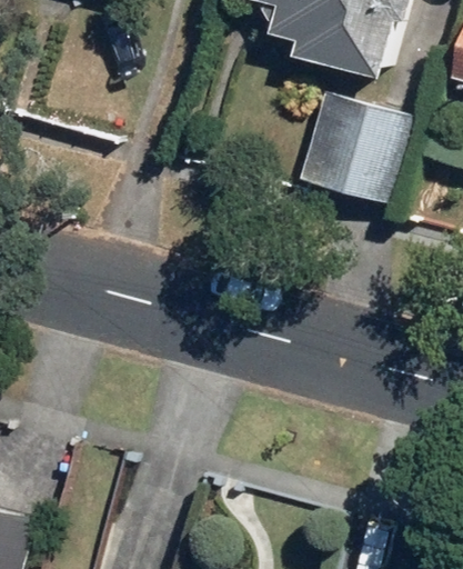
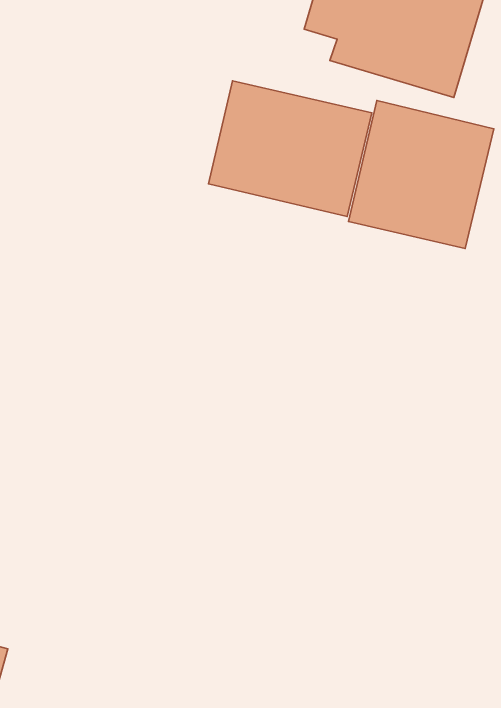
building: none -> [209,81,372,217]

